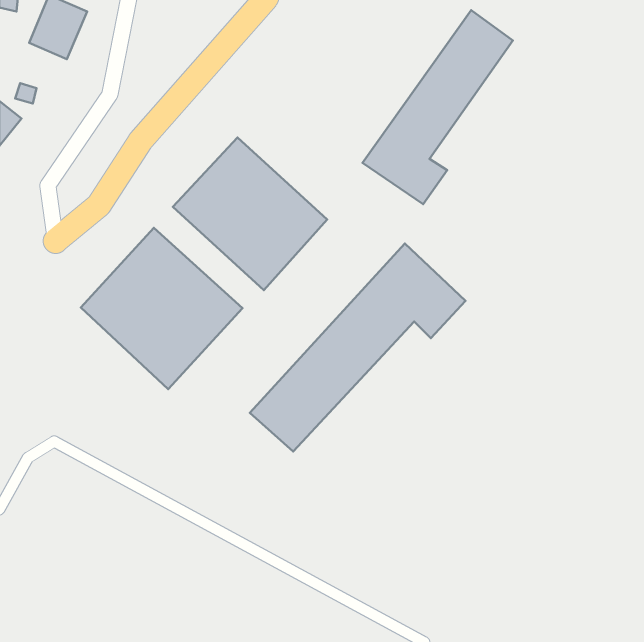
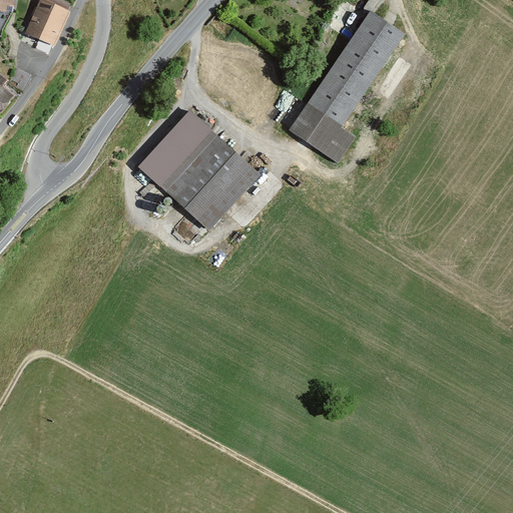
building: [81,228,243,389] -> none
building: [250,244,465,452] -> none

